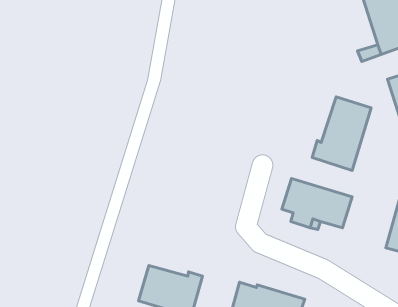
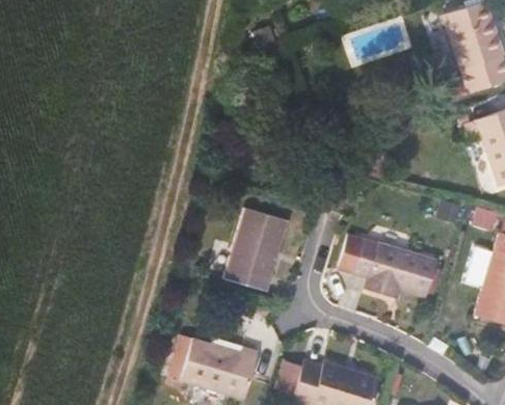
building: [312,97,371,170] -> none
building: none -> [222,208,288,291]

